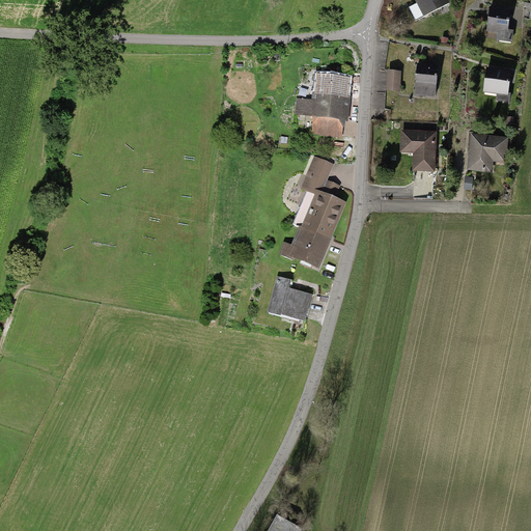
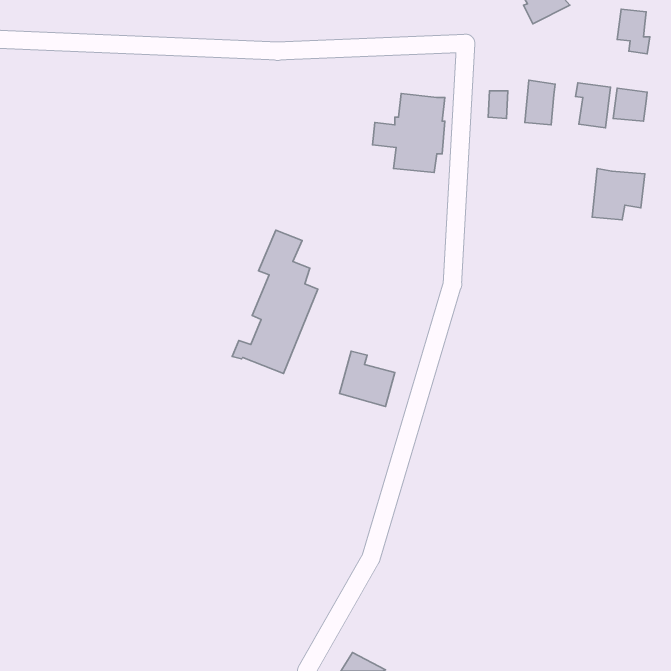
building: none -> [576,83,611,128]
building: [399,131,436,172] -> none
building: [278,156,345,269] -> [232,230,318,373]

